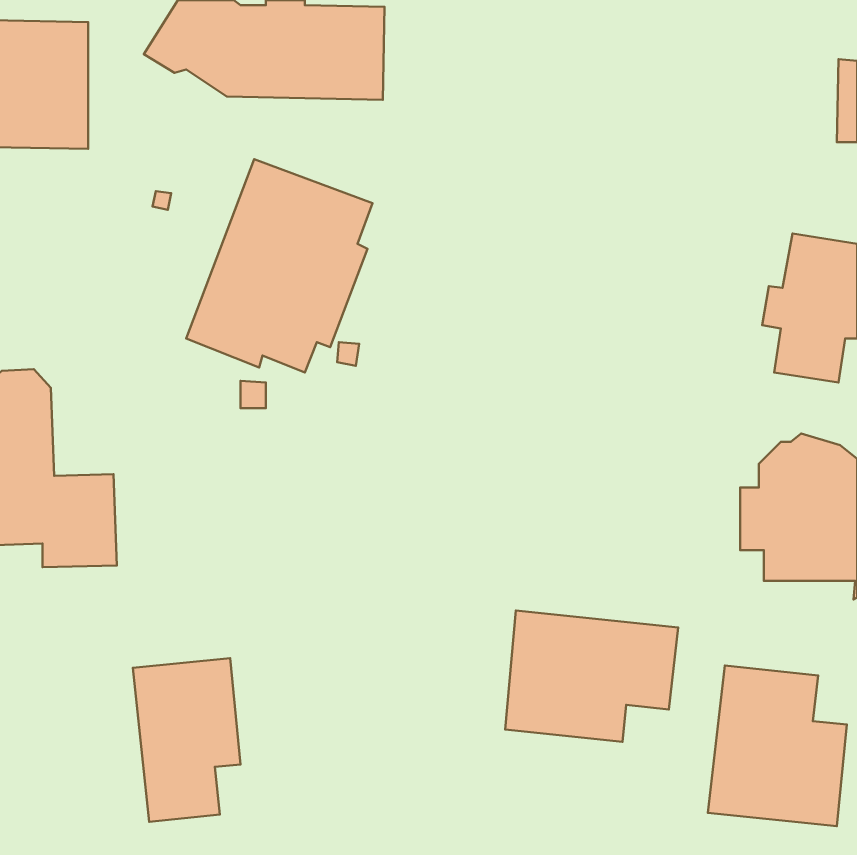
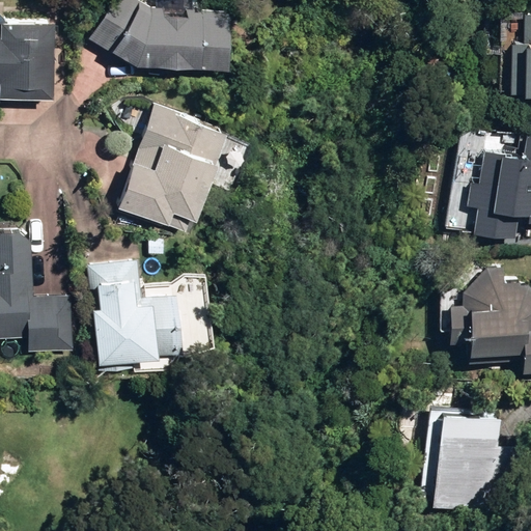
building: none -> [86,262,185,372]
building: [505,611,678,742] -> none
building: [133,658,240,822] -> none

